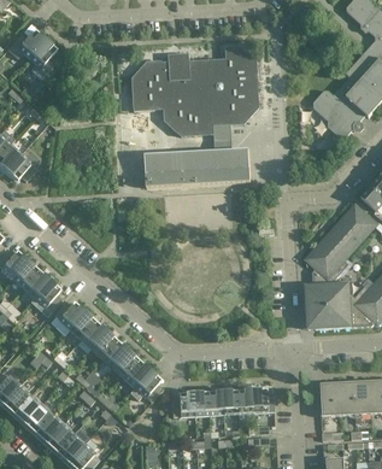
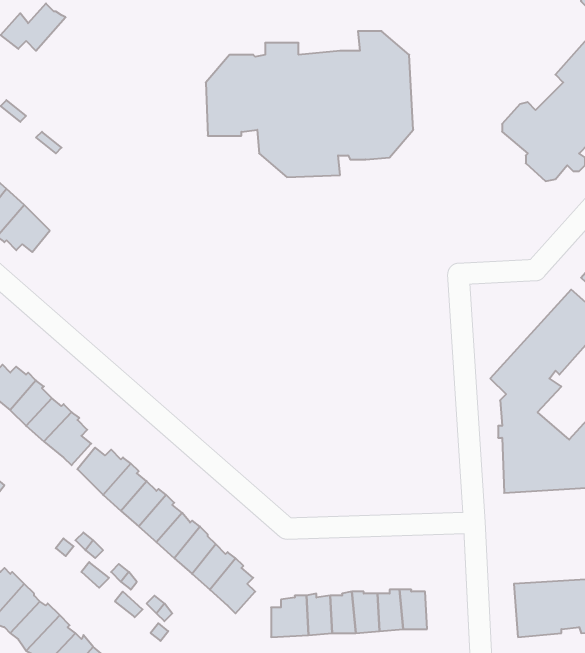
building: [29,37,57,78] -> none
building: [145,122,251,187] -> none

